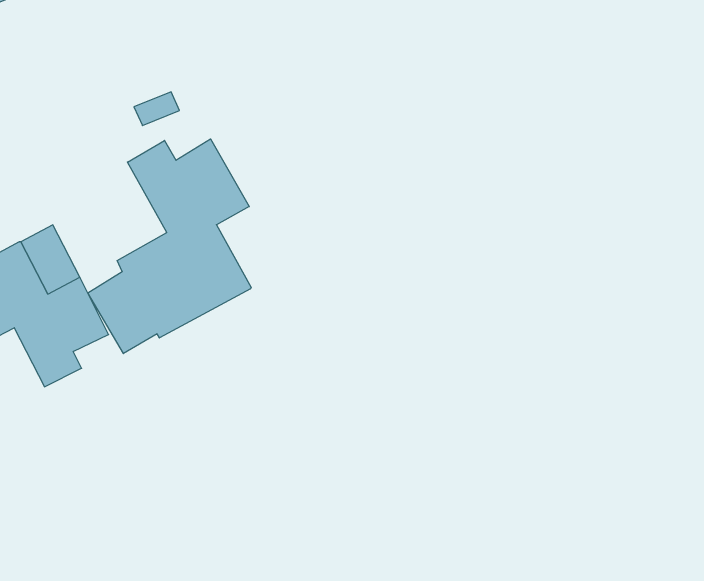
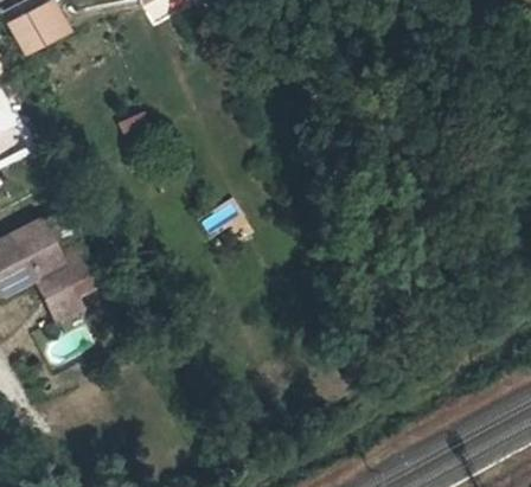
building: [88,139,251,354] -> none

